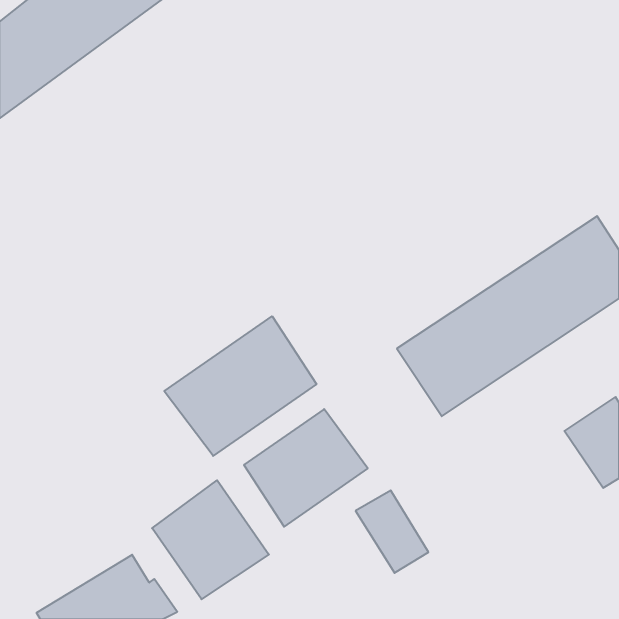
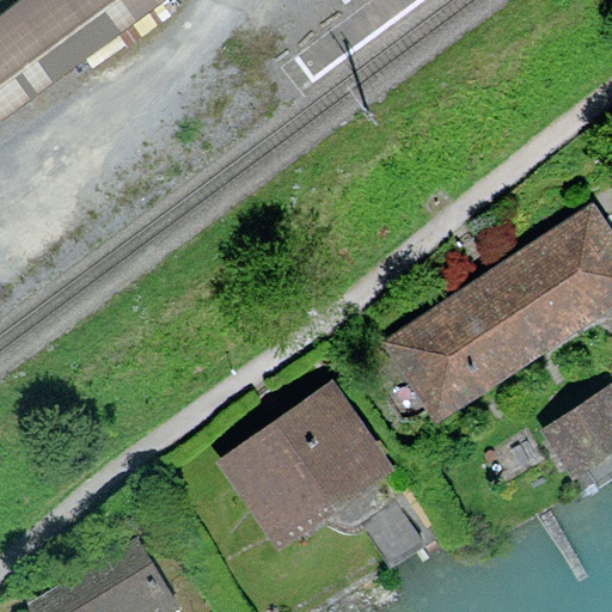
building: [164,316,316,456] -> none
building: [152,480,269,599] -> none

